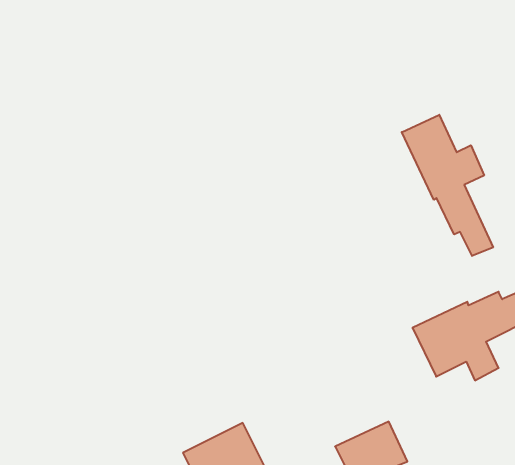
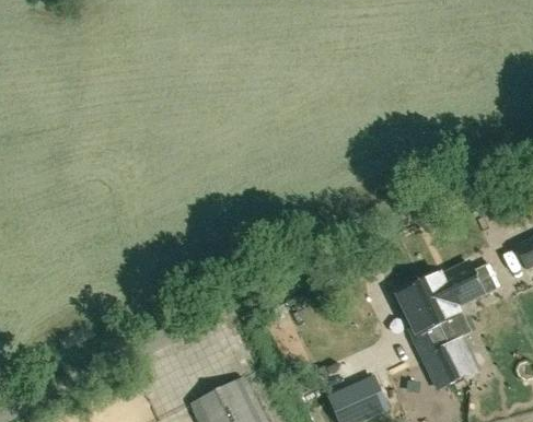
building: [402,115,493,256] -> none
building: none -> [433,343,465,383]

